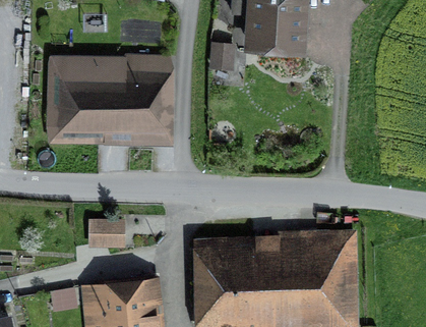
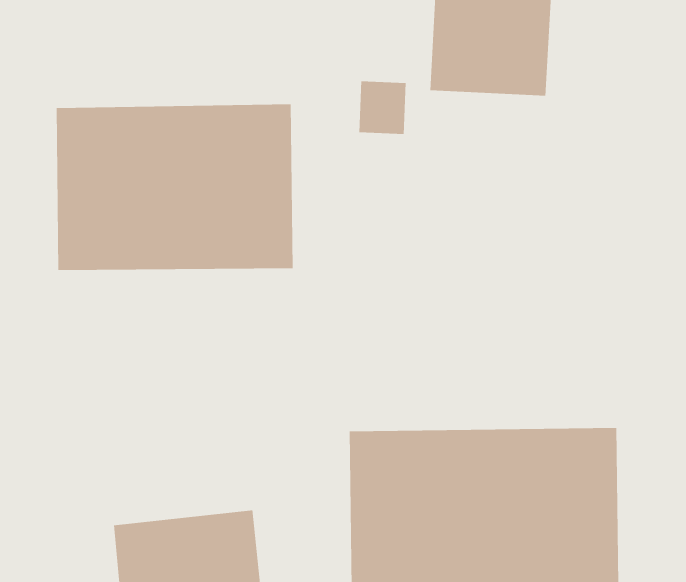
building: [86,220,130,253] -> none

